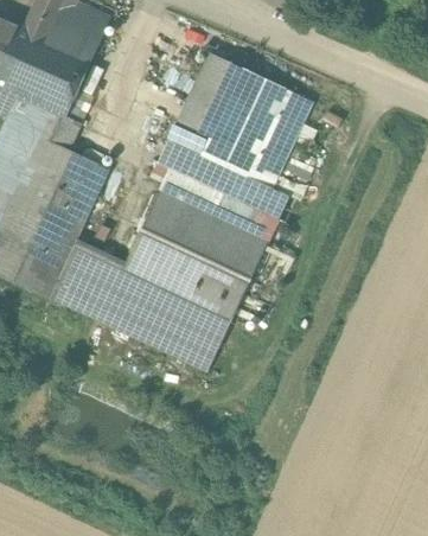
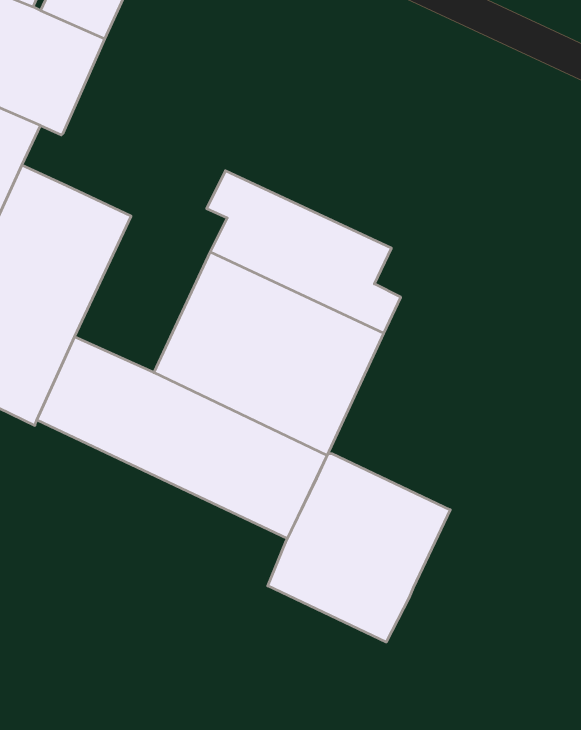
building: [167,52,312,189] -> none
building: [39,111,81,149] -> none
building: none -> [268,453,450,642]

